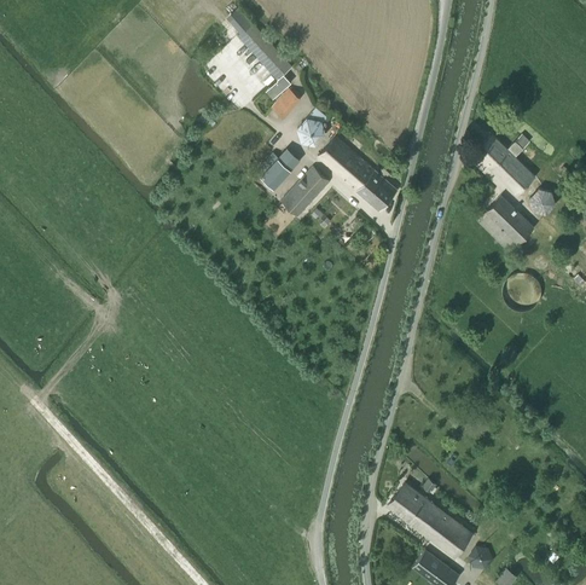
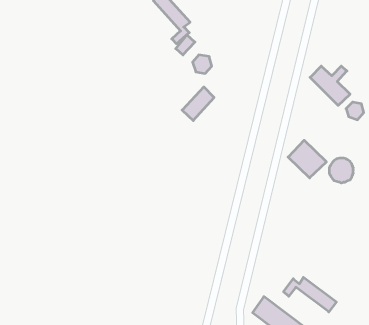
building: [317,137,396,212] -> none
building: [260,150,300,190] -> none
building: [476,196,534,253] -> [288,140,326,178]
building: none -> [284,277,336,312]

